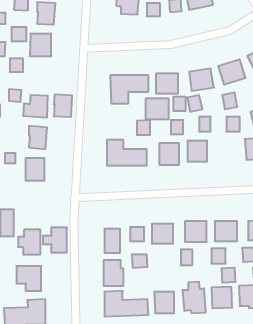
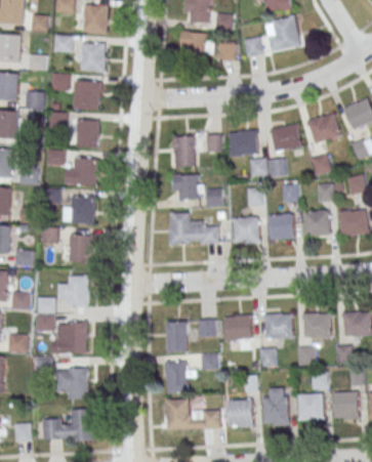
building: [54,95,72,117] -> [77,119,99,146]
building: [146,99,169,119] -> [172,174,201,200]
building: none -> [304,211,329,236]
building: [43,228,67,252] -> [58,276,88,306]

